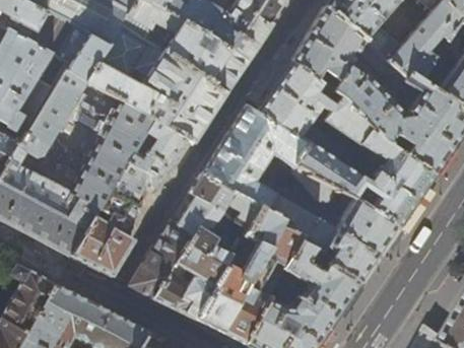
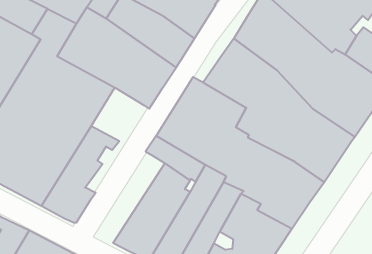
building: [127,120,188,182] -> none
building: [130,194,212,299] -> none

